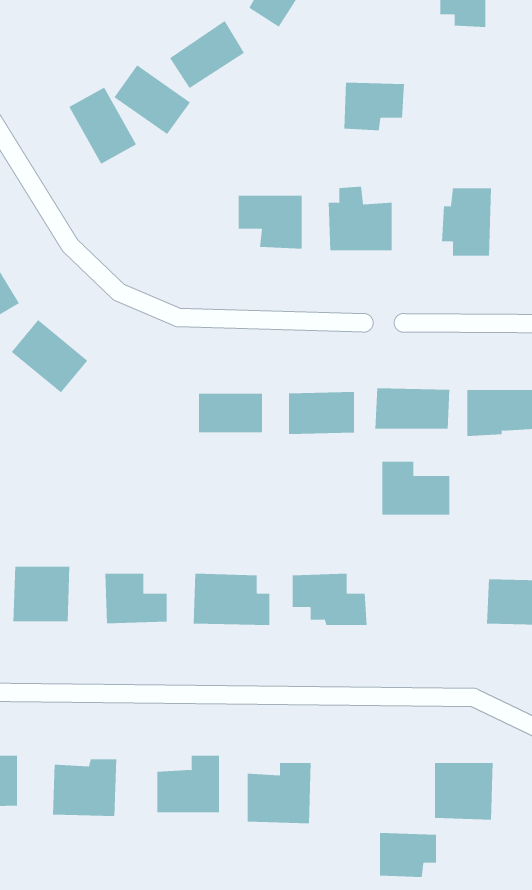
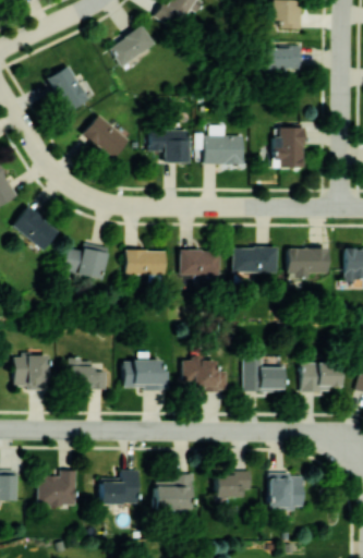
building: [113,65,191,135] -> [82,116,129,158]
building: [343,82,405,131] -> [264,47,301,76]
building: none -> [63,242,109,279]
building: [382,461,450,515] -> [243,359,285,391]
building: [379,833,437,878] -> [216,471,251,498]

